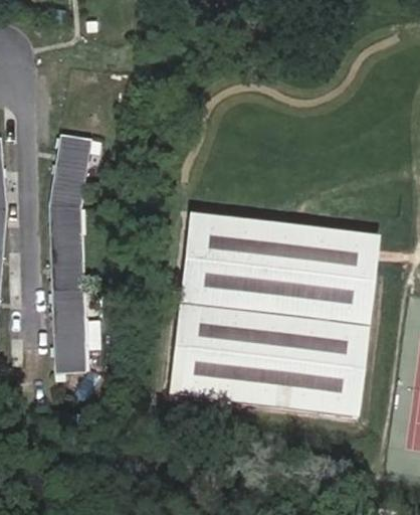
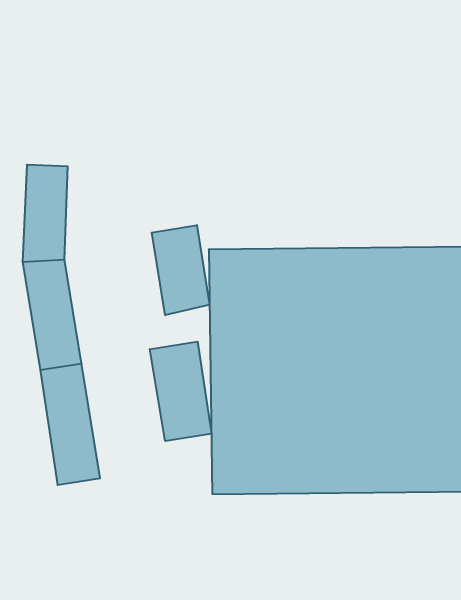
building: none -> [152,225,210,315]
building: none -> [150,342,211,441]

